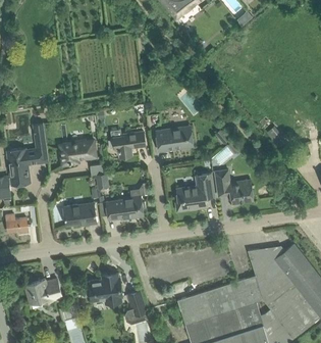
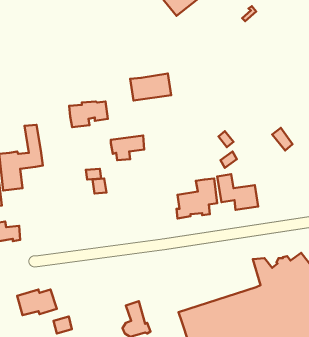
building: [155,126,194,151] -> [130,73,171,100]
building: [59,140,96,164] -> [69,101,108,127]
building: [105,189,144,219] -> none
building: [63,202,97,225] -> none
building: [88,274,122,303] -> none

